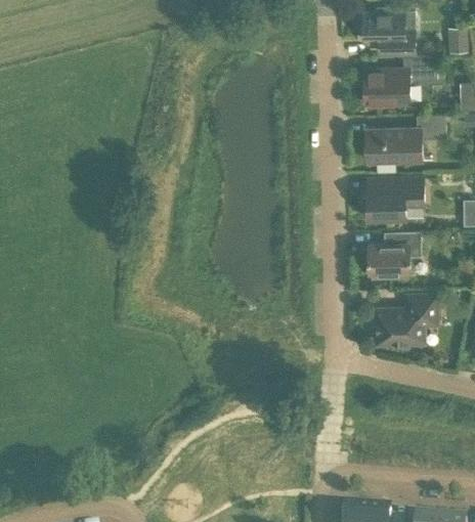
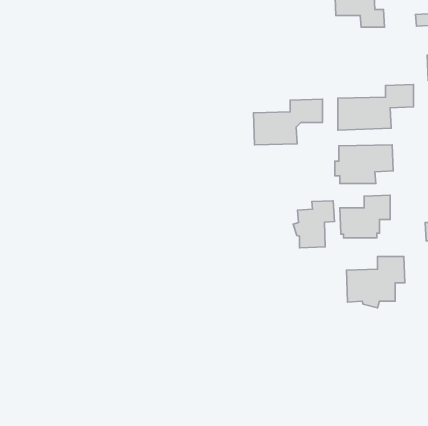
building: [364,56,437,104] -> [253,99,322,145]
building: none -> [293,201,335,248]

